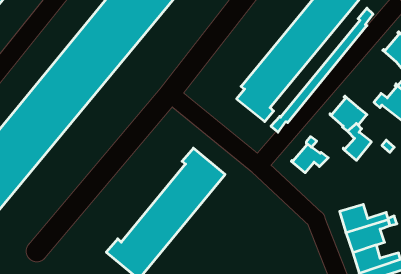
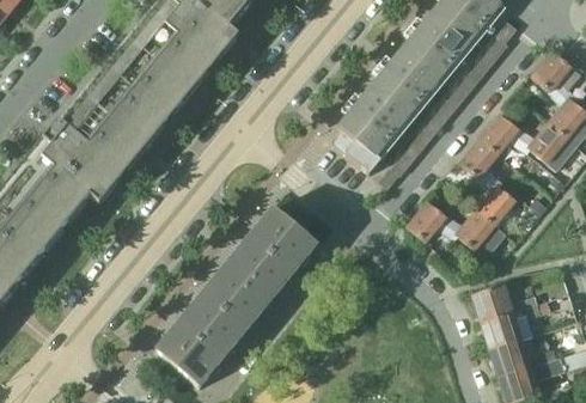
building: none -> [480,112,529,161]
building: none -> [445,208,506,257]

